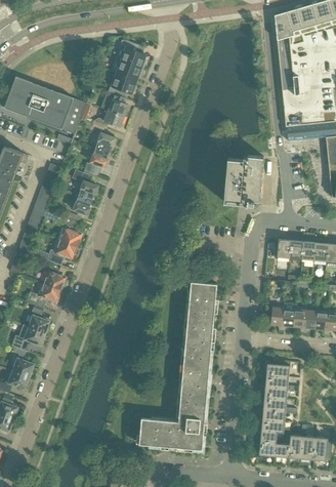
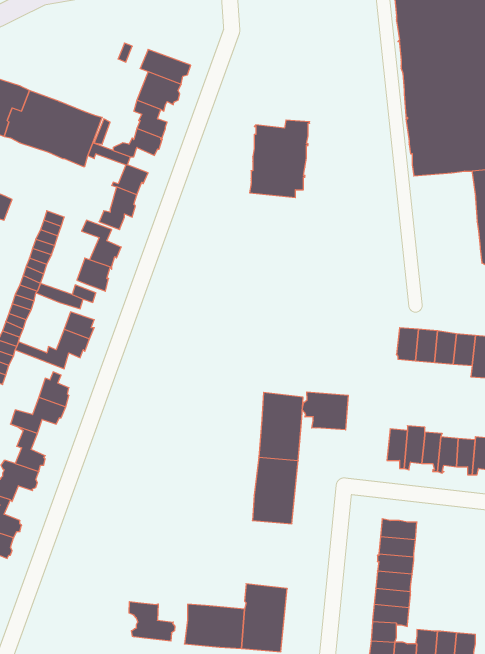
building: [116,41,146,69] -> none
building: [224,155,263,205] -> [250,120,310,198]
building: none -> [302,392,348,430]
building: [179,364,209,408] -> none
building: none -> [129,602,175,641]

